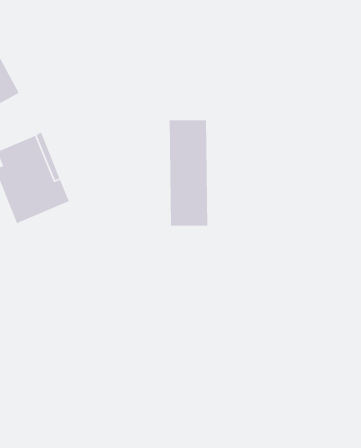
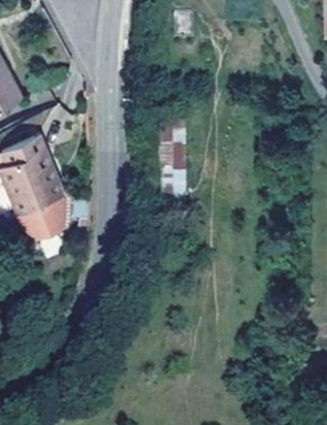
building: none -> [20,195,66,238]

